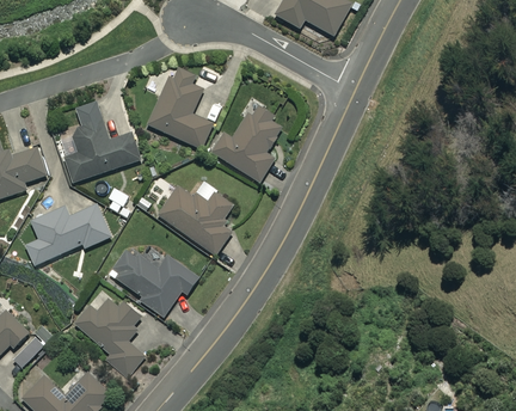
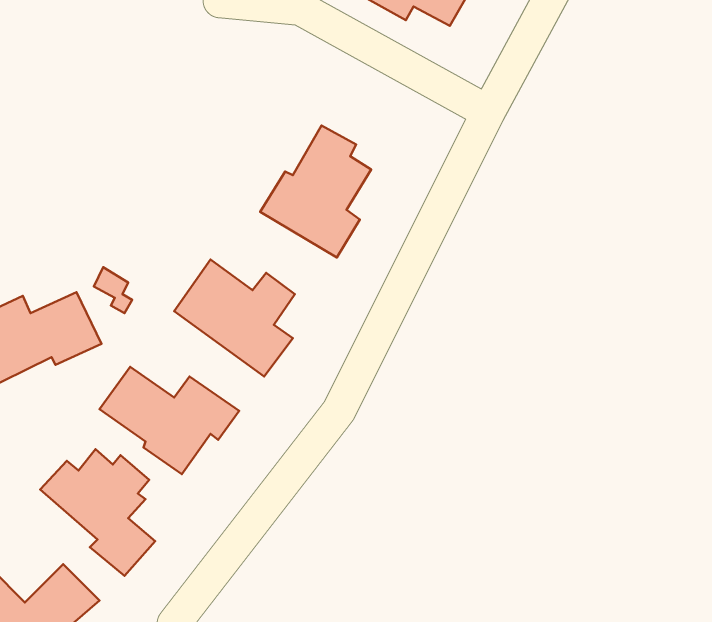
building: [149,66,214,145] -> none
building: [64,112,140,182] -> none

